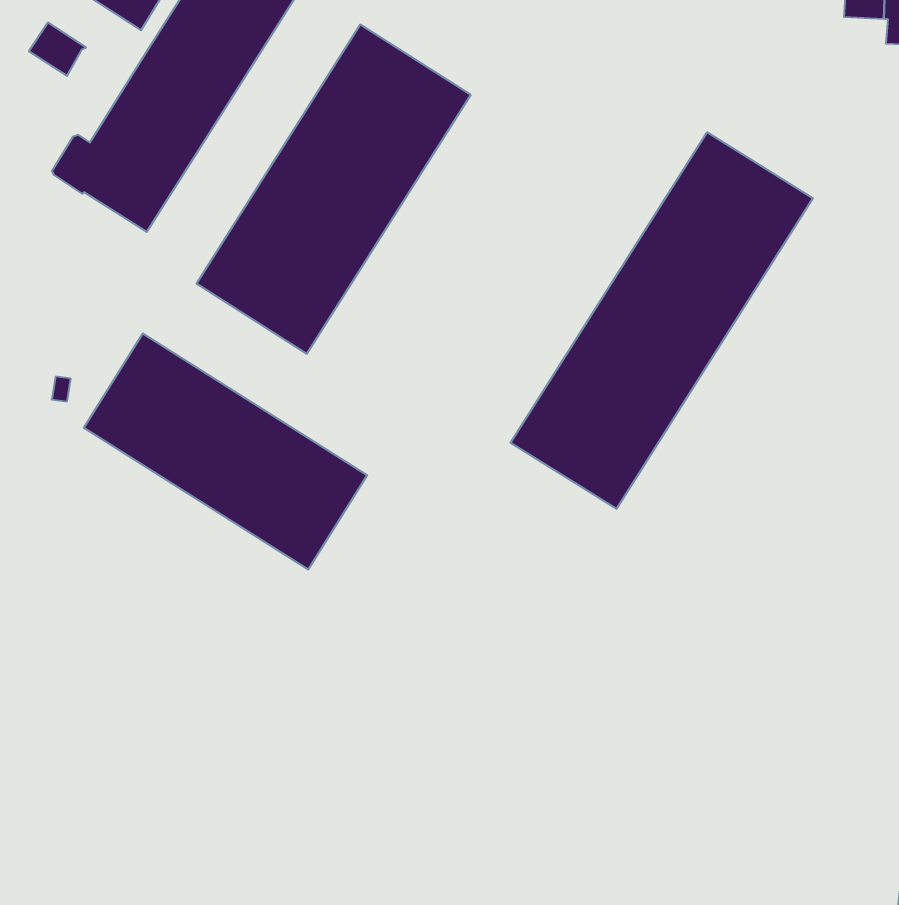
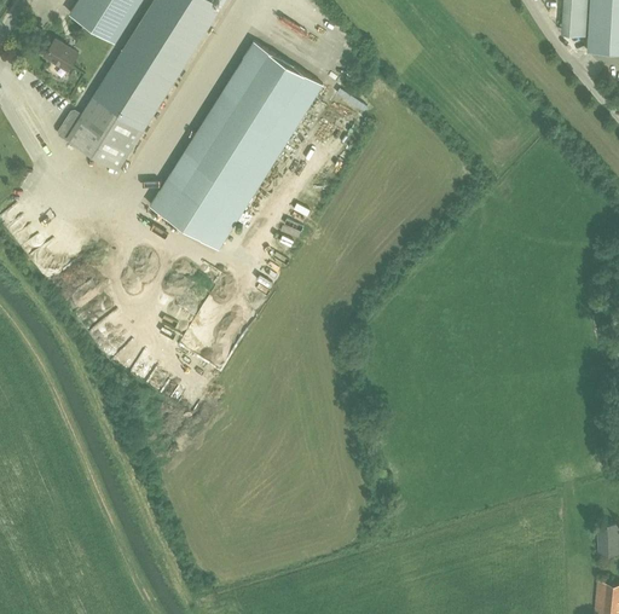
building: [511,132,813,509] -> none
building: [84,333,367,570] -> none

